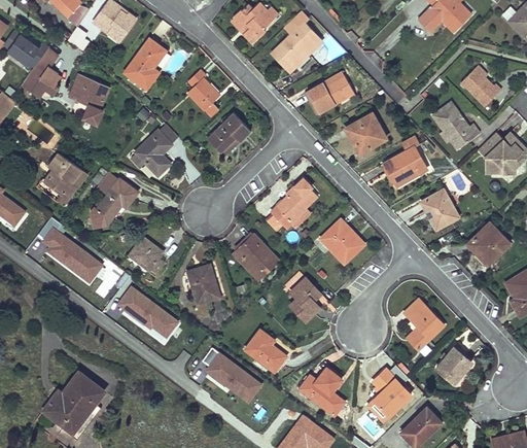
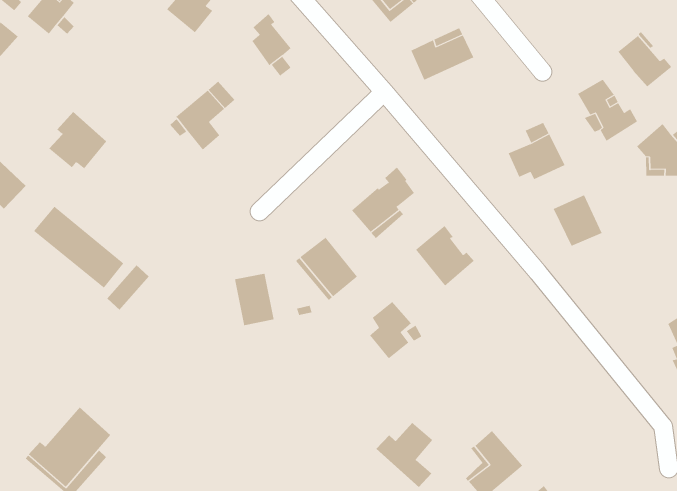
building: [70,76,108,125] -> none
building: [207,112,251,156] -> none
building: [348,113,387,152] -> none
building: [89,174,136,226] -> none
building: [468,223,511,265] -> none
building: [130,237,167,275] -> none
building: [116,284,181,341] -> none
building: [405,299,444,349] -> none
building: [246,330,286,371] -> none
building: [202,347,265,403] -> none
building: [437,348,469,383] -> none

